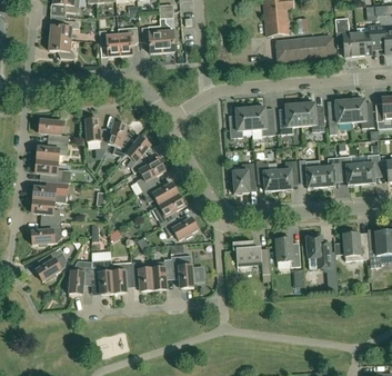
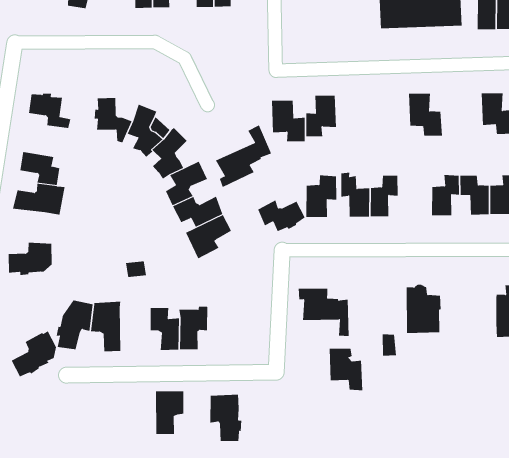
building: [328,99,352,133] -> none
building: [280,102,302,133] -> none
building: [250,106,275,135] -> [271,100,306,142]
building: none -> [215,124,272,188]
building: [37,140,68,161] -> none
building: [299,159,321,187] -> none
building: [31,199,61,221] -> none
building: [162,217,198,239] -> [254,200,305,232]
building: [343,232,370,259] -> none
building: [275,237,301,266] -> [329,348,363,391]
building: [36,247,67,280] -> [11,330,57,377]
building: [171,254,194,287] -> [210,394,242,441]
building: [111,261,132,293] -> [155,391,184,434]

